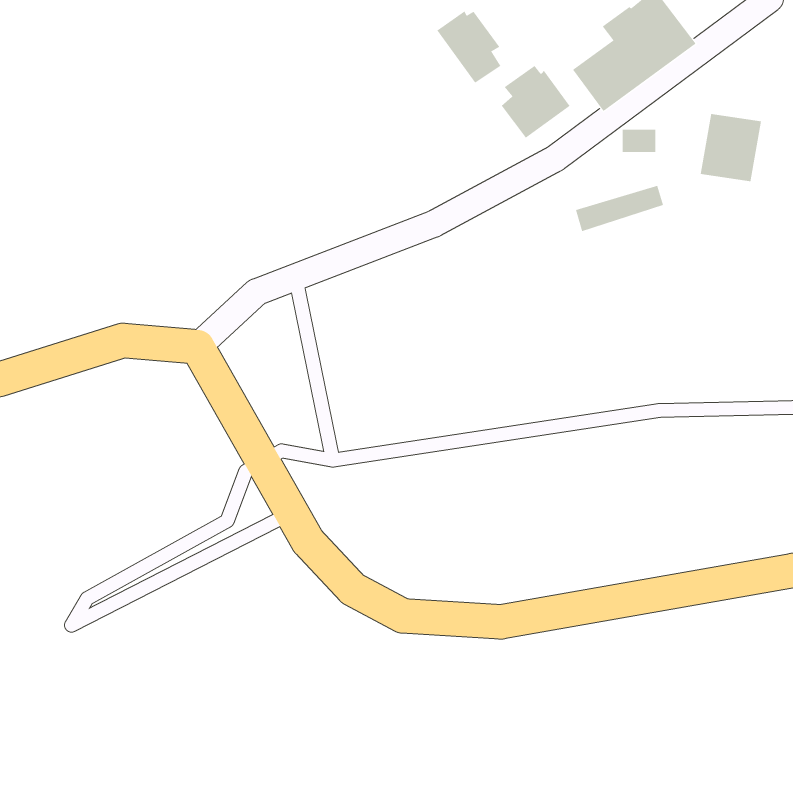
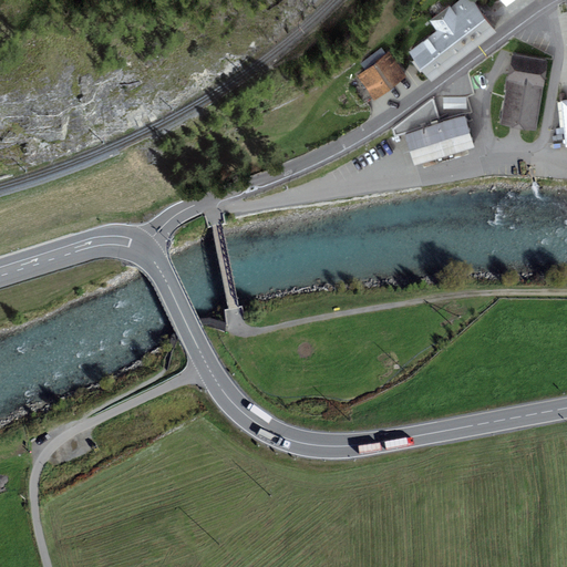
building: [436,10,501,84] -> none
building: none -> [506,54,547,86]
building: none -> [404,115,468,150]

